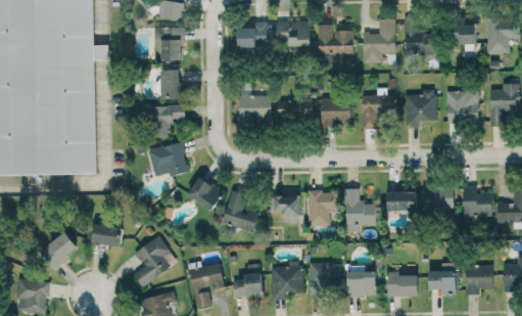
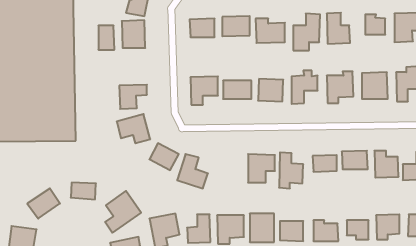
building: [160,70,180,99] -> [98,26,114,50]
building: [269,195,298,222] -> none

